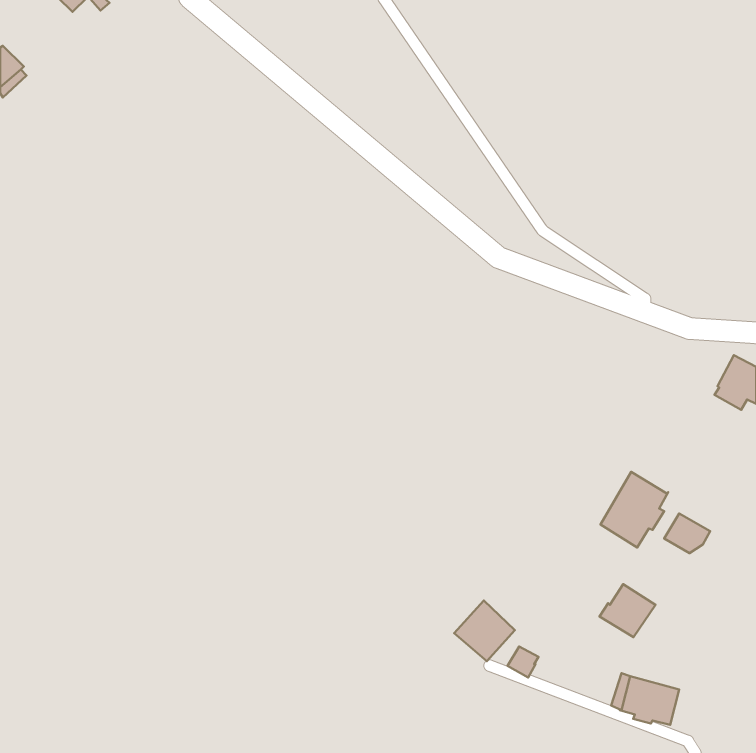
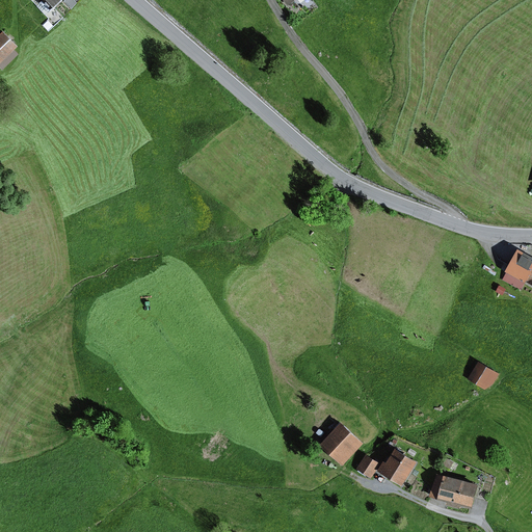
building: [600,472,668,547] -> none
building: [599,584,656,637] -> [376,448,416,485]

